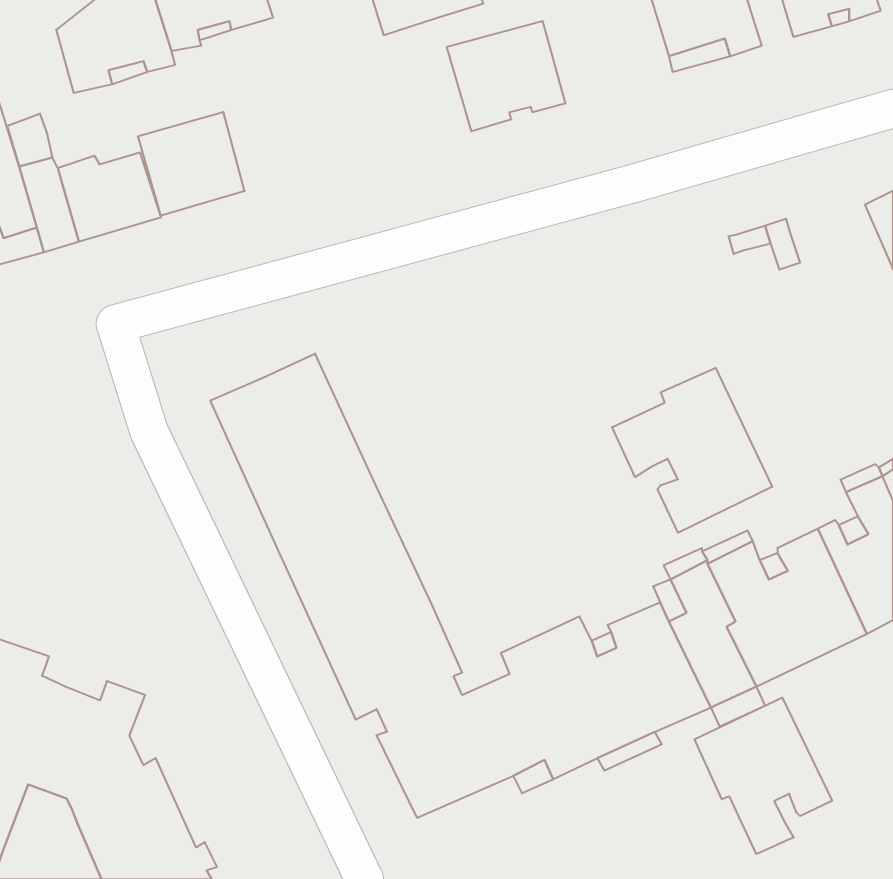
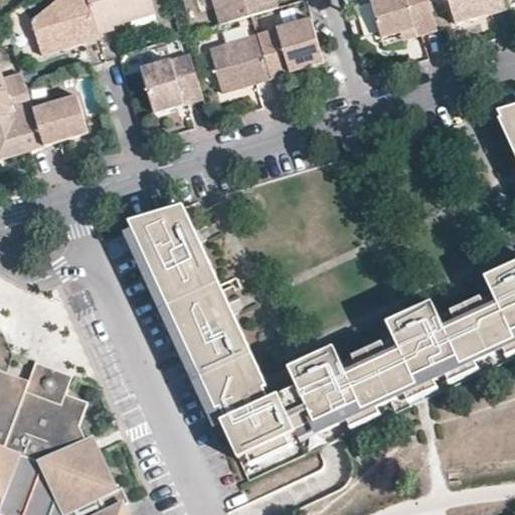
building: none -> [210,30,271,89]
building: [138,112,245,215] -> [142,49,203,109]
building: [612,368,772,533] -> none
building: none -> [24,359,69,402]
building: [695,698,832,854] -> none

